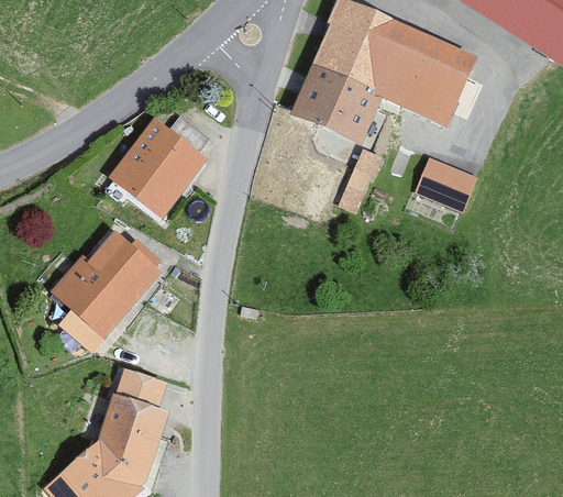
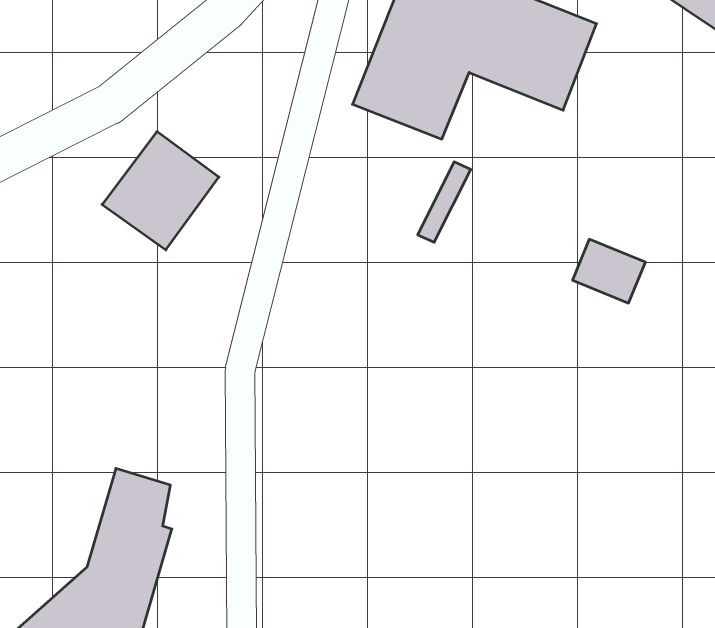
building: [418,159,471,206] -> [573,239,645,303]
building: [58,240,158,351] -> none

